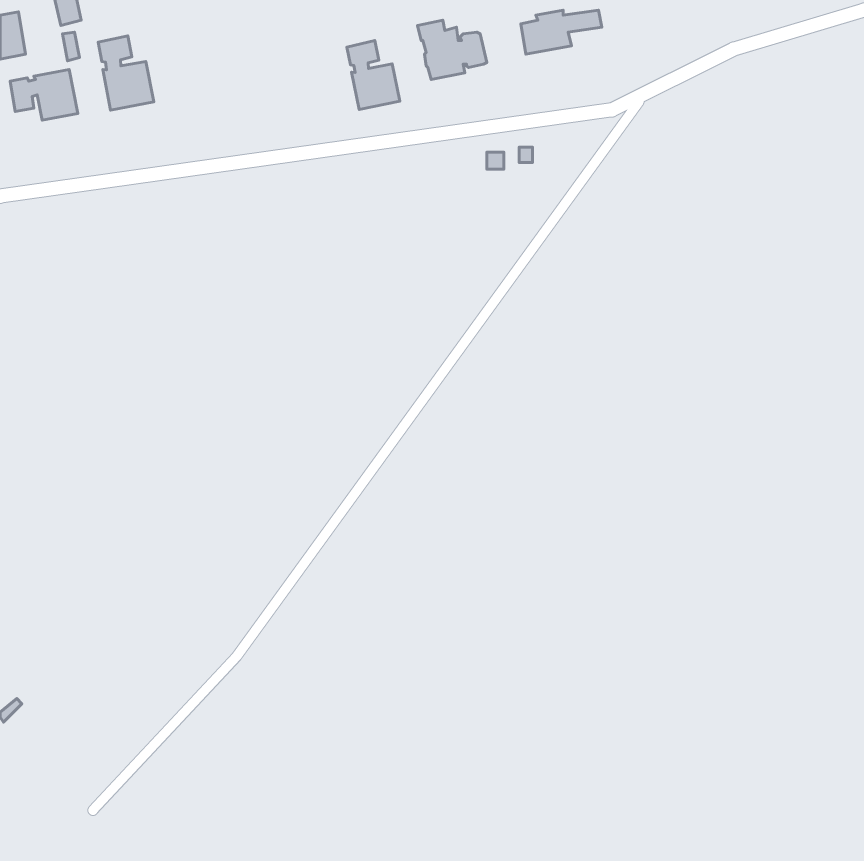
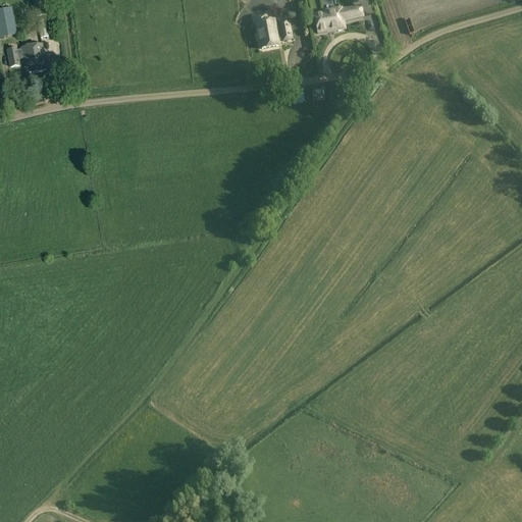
building: [98,36,154,110] -> none
building: [347,41,400,110] -> none

